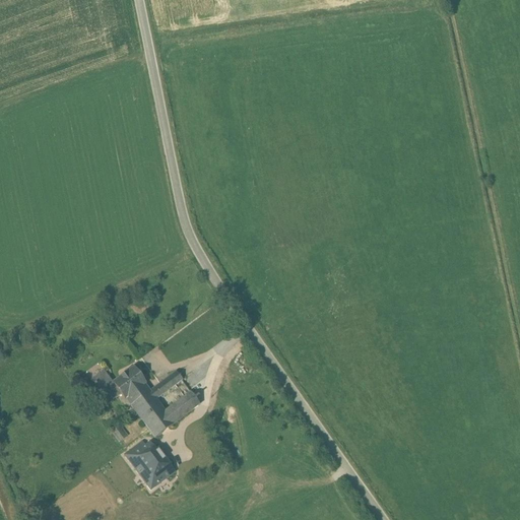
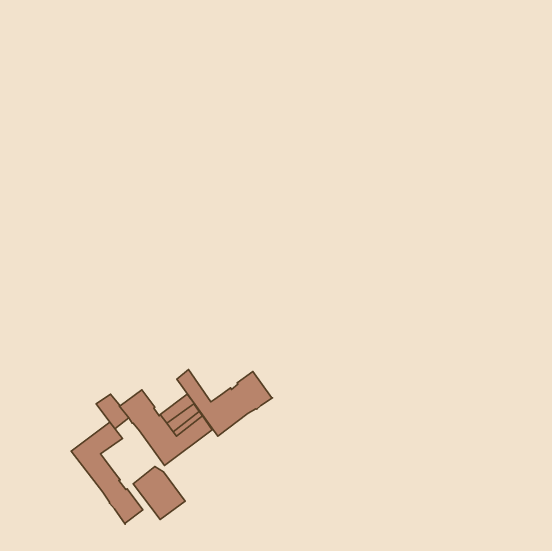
building: none -> [177,370,272,436]
building: none -> [71,422,143,524]

